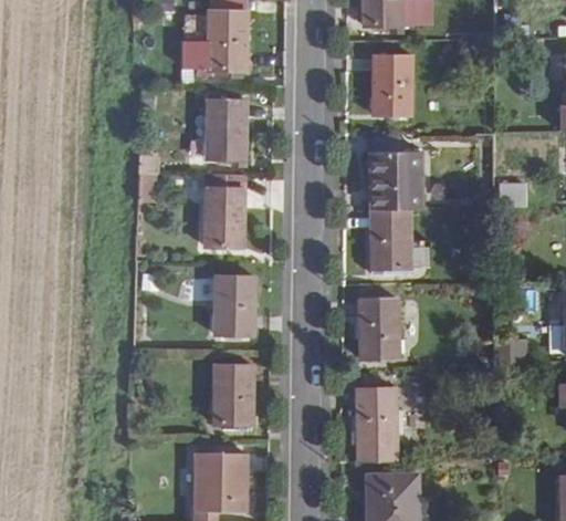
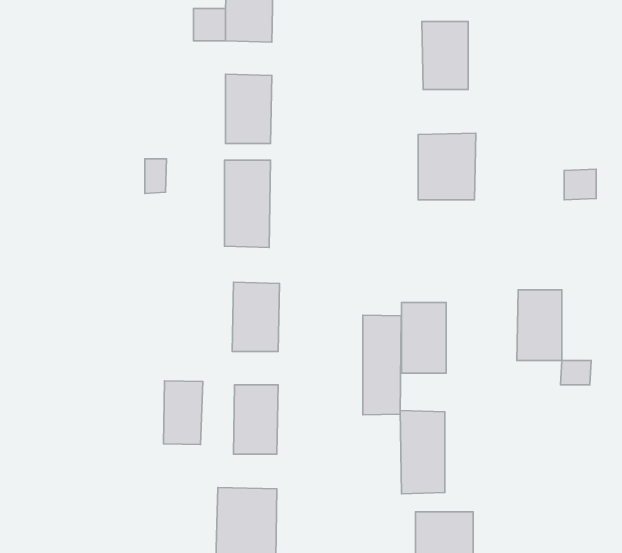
building: [370,207,409,268] -> [517,290,562,360]
building: none -> [363,315,401,415]
building: none -> [163,381,203,445]

